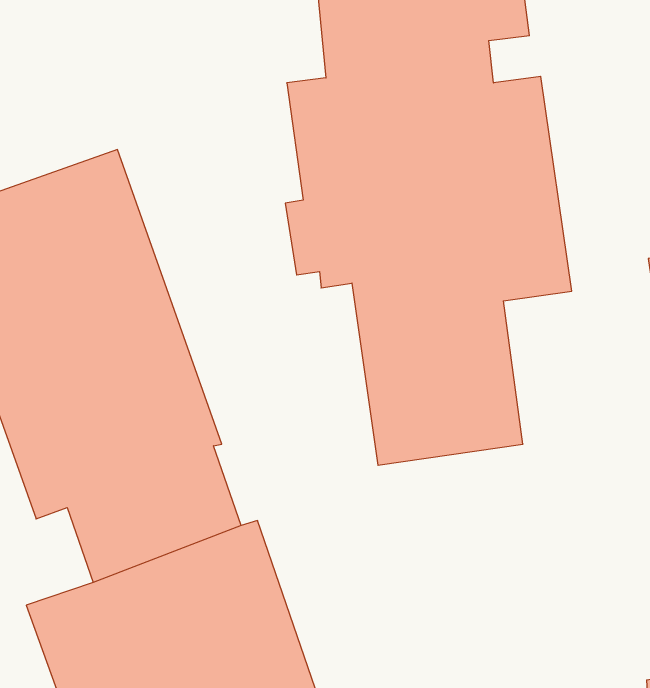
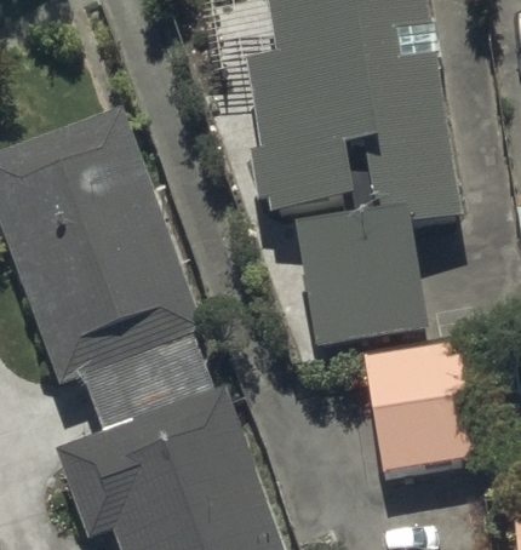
building: none -> [368,326,487,457]

